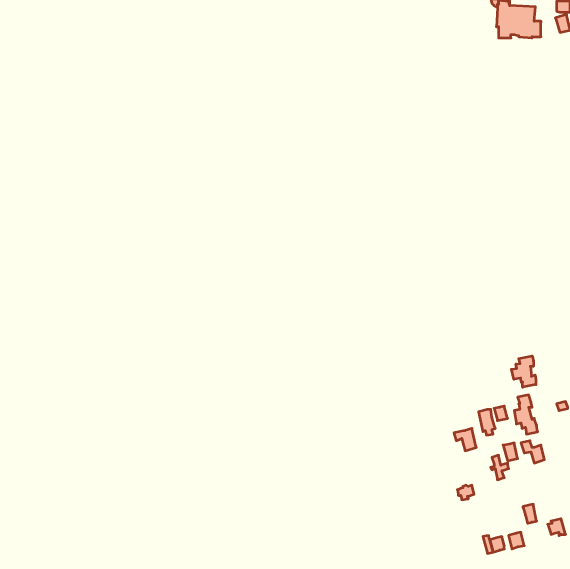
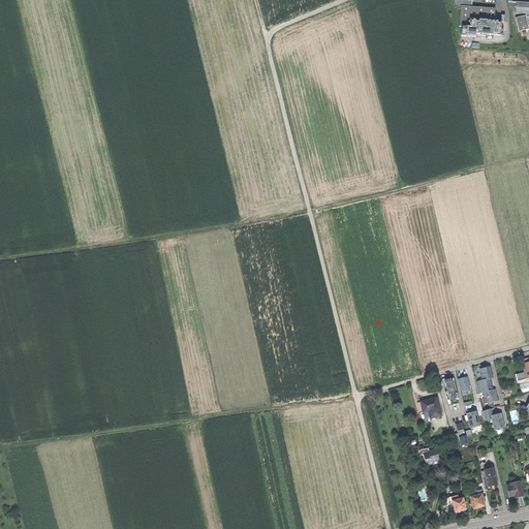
building: [511,356,536,387] -> none

